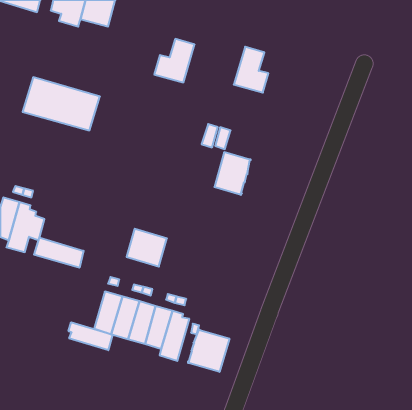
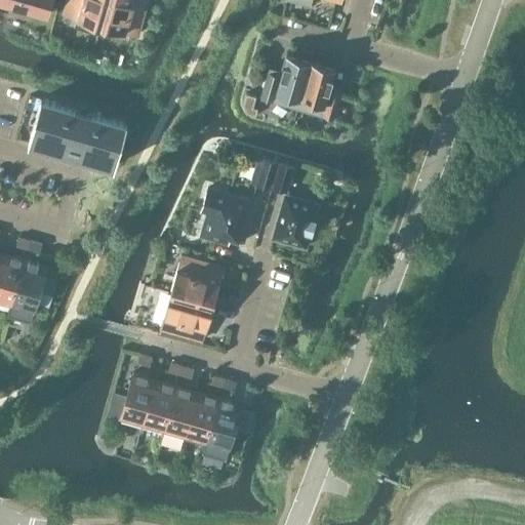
building: [154,39,195,82] -> [260,54,312,110]
building: none -> [201,190,255,245]
building: none -> [171,256,224,306]
building: [34,238,84,268] -> none
building: [69,322,113,350] -> none
building: [188,329,229,372] -> none

